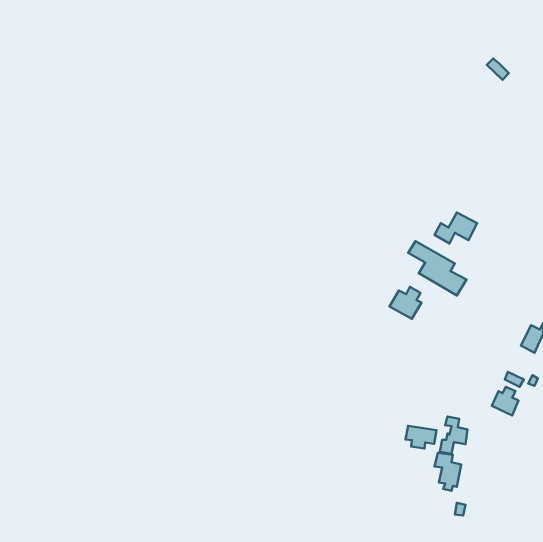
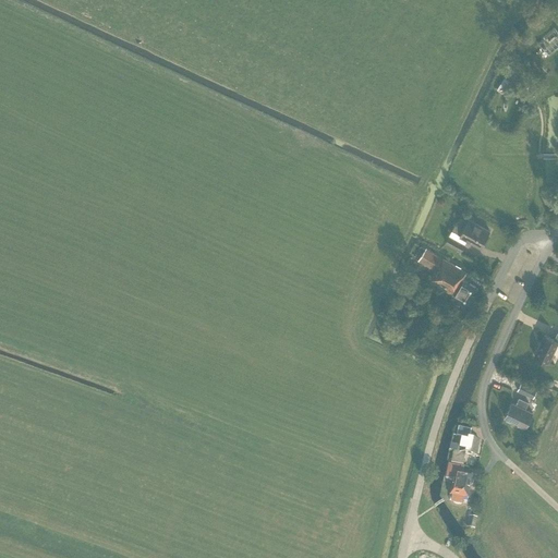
building: [389,287,421,319] -> none
building: [406,426,437,449] -> none

